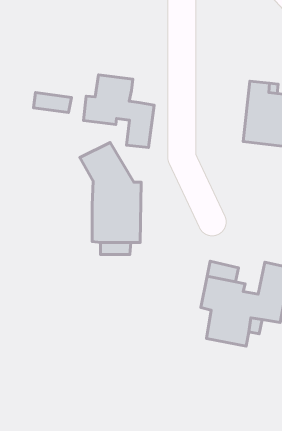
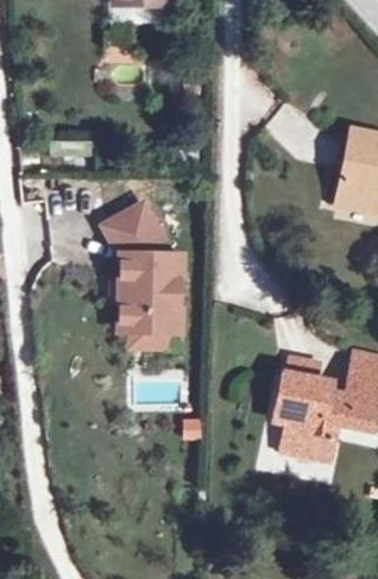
building: [83,75,154,148] -> none

